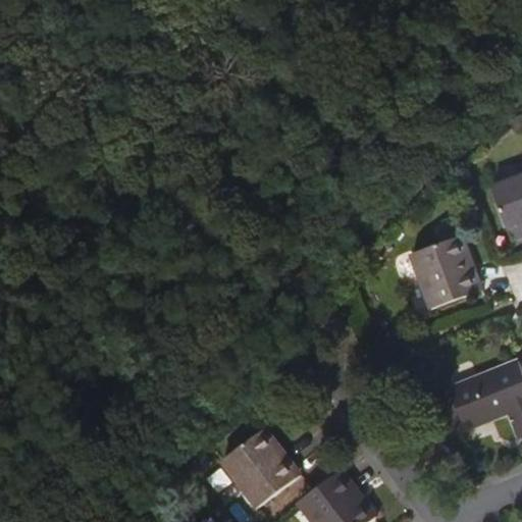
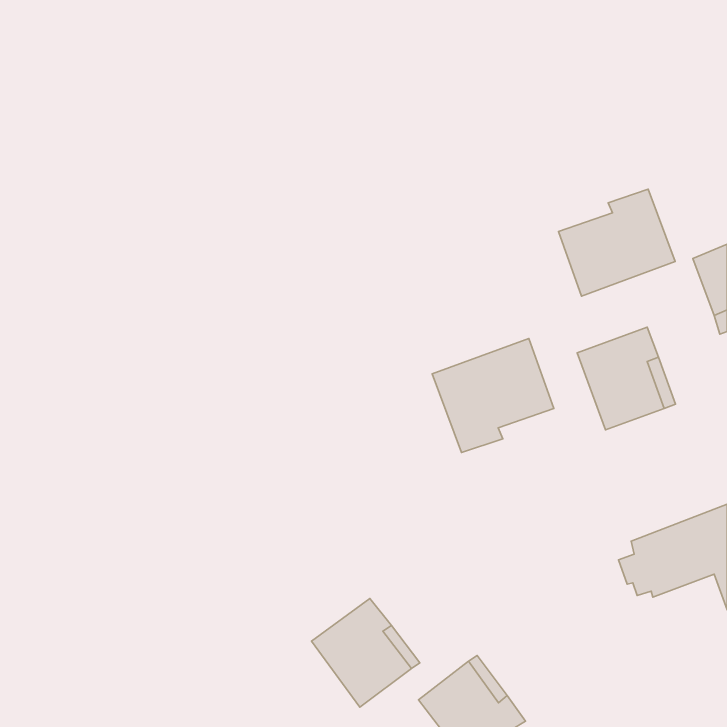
building: none -> [558,189,675,296]
building: none -> [432,338,554,453]

